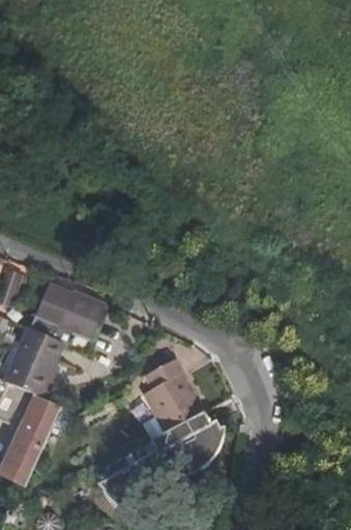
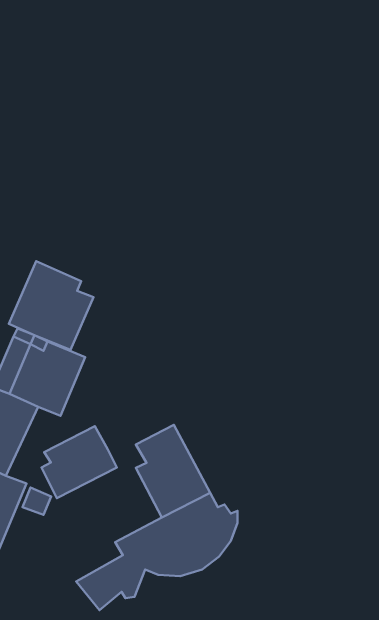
building: none -> [9,261,94,350]
building: none -> [41,426,117,498]

